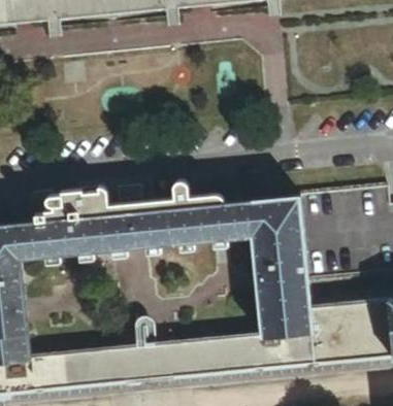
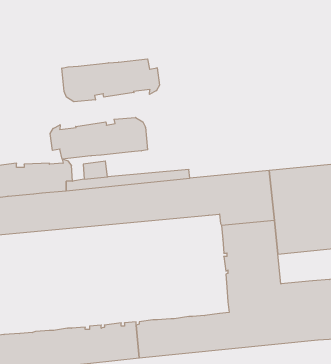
building: none -> [62,59,159,102]
building: none -> [50,117,148,159]

